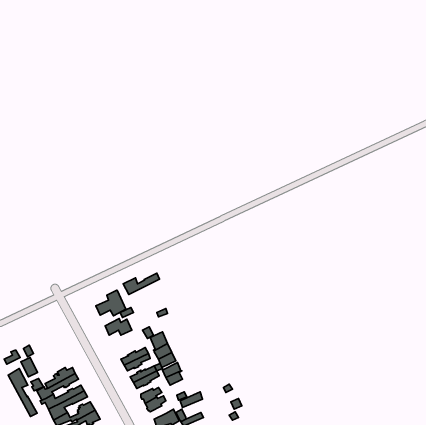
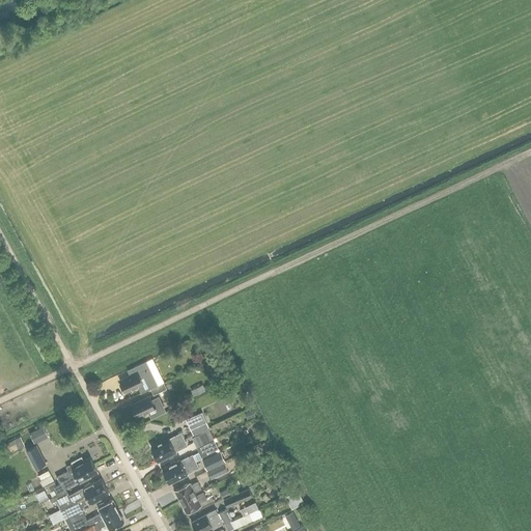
building: [123,273,160,295] -> none
building: [8,369,37,416] -> none

